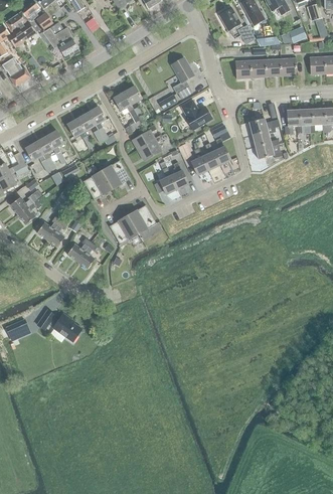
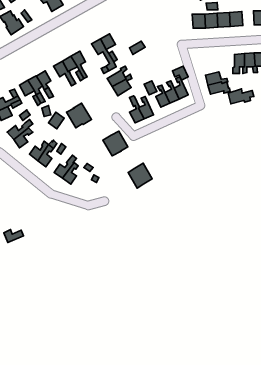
building: [171,56,194,93] -> none
building: [180,99,213,130] -> none
building: [248,117,280,135] -> [228,89,254,104]
building: [101,159,131,189] -> none
building: [109,214,138,244] -> [128,163,152,188]
building: [37,309,81,341] -> none

